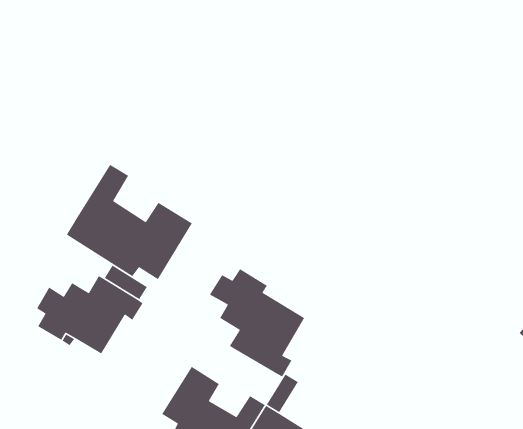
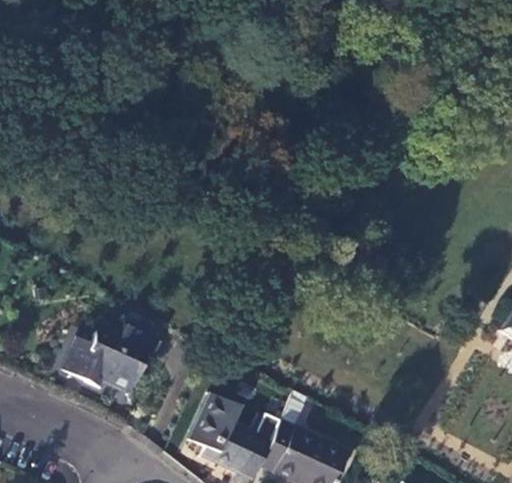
building: [66,164,193,280] -> none
building: [209,268,305,378] -> none

